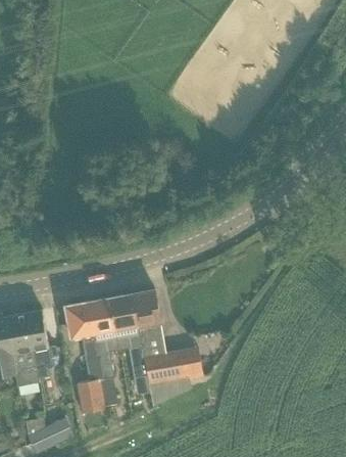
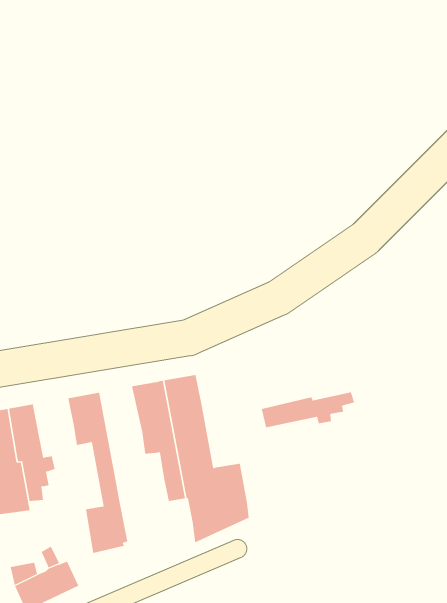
building: [87,298,117,379] -> none
building: none -> [261,392,355,428]

